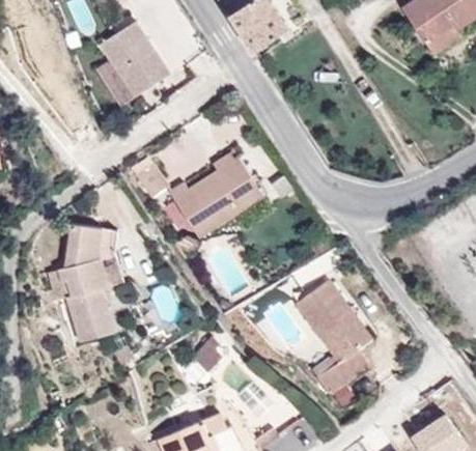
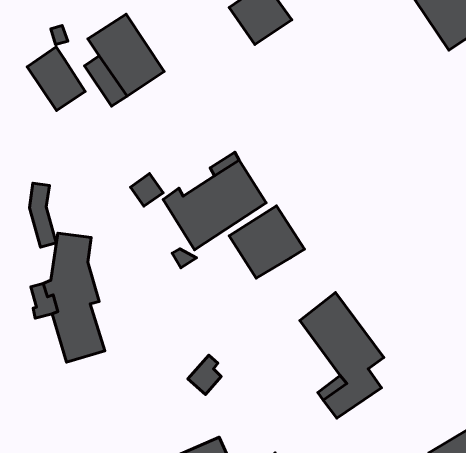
building: none -> [27,47,85,111]
building: none -> [229,206,304,278]
building: [100,227,124,286] -> [29,183,56,247]

